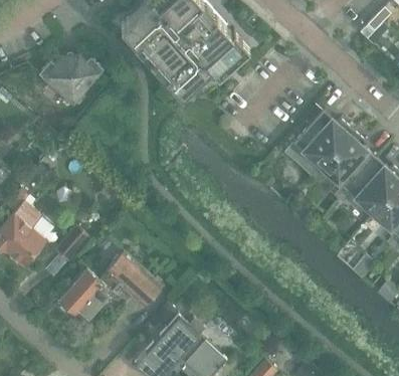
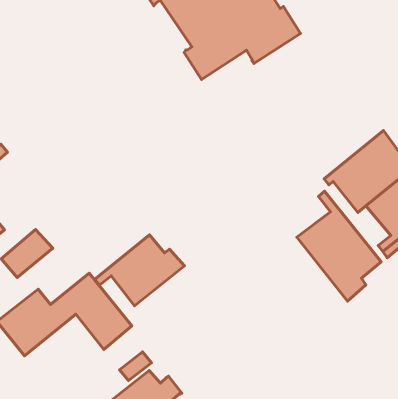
building: [38,57,103,108] -> none
building: none -> [297,191,381,301]
building: none -> [94,235,184,306]

